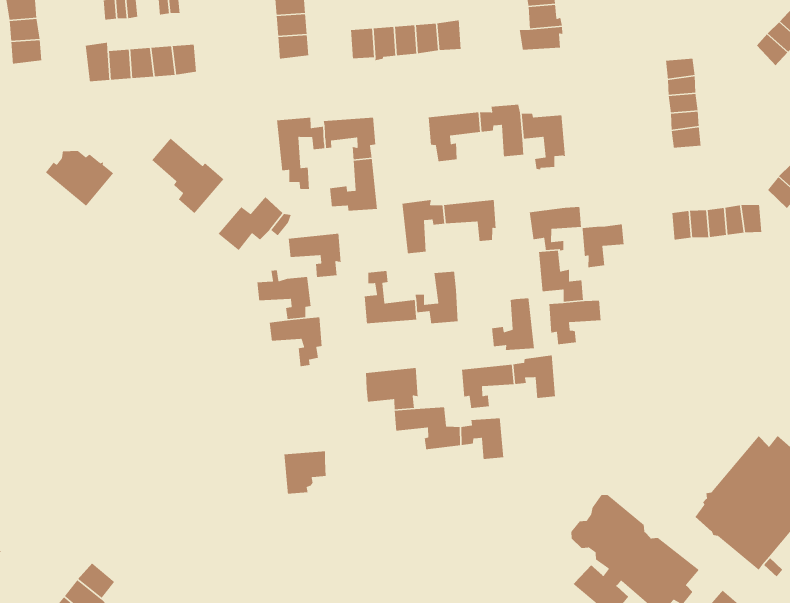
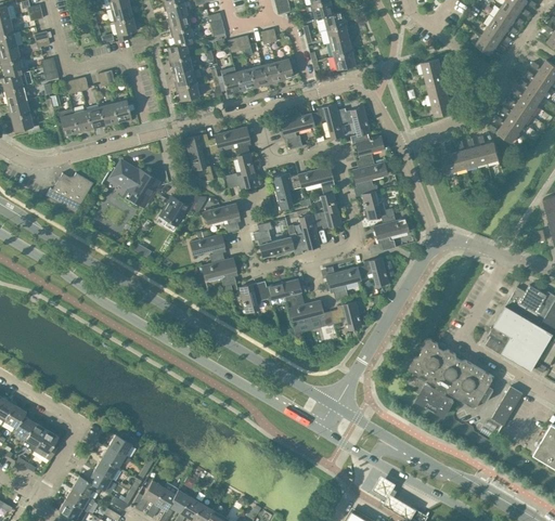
building: [582,224,624,268] -> [354,135,383,167]
building: [491,297,535,351] -> [311,192,340,227]
building: [283,450,327,494] -> [238,281,268,312]

